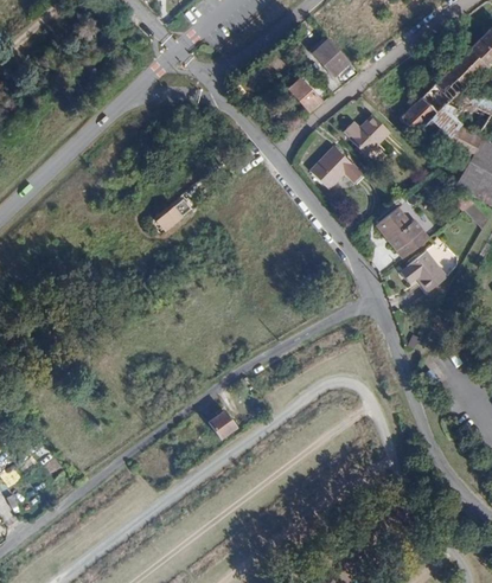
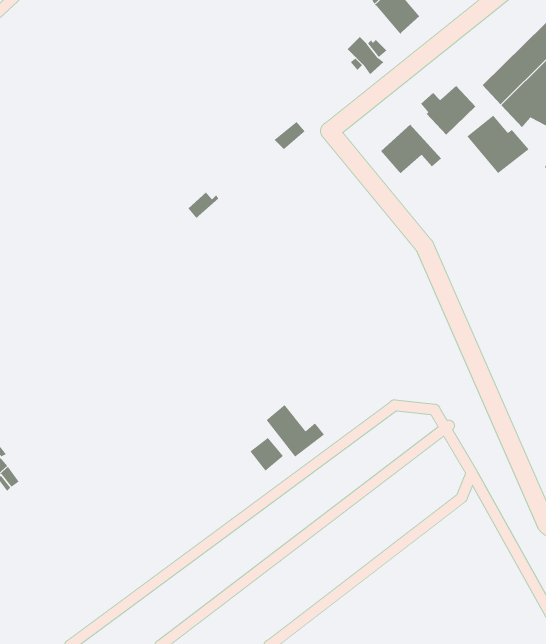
building: [378,211,430,260] -> [466,115,530,174]
building: [401,250,446,292] -> none
building: none -> [266,404,325,458]

